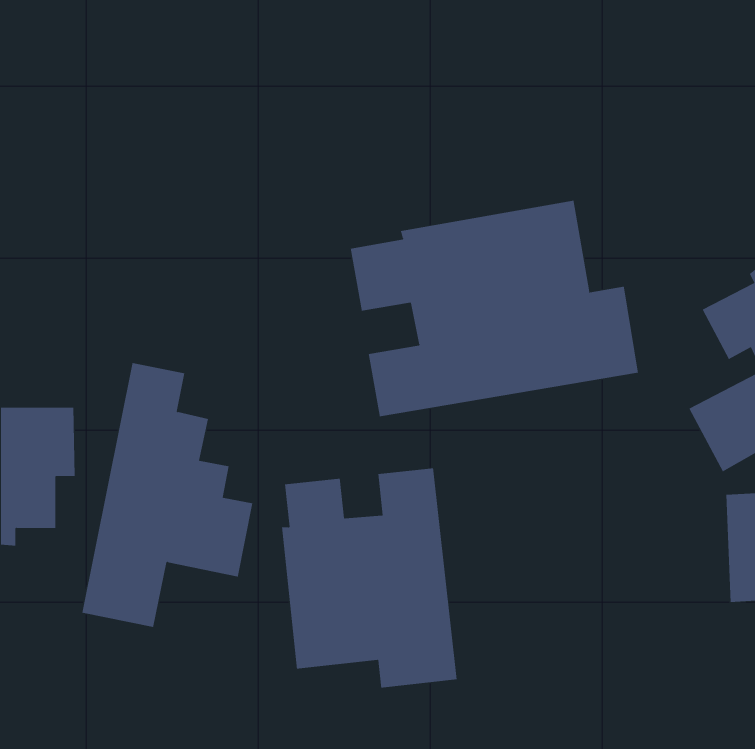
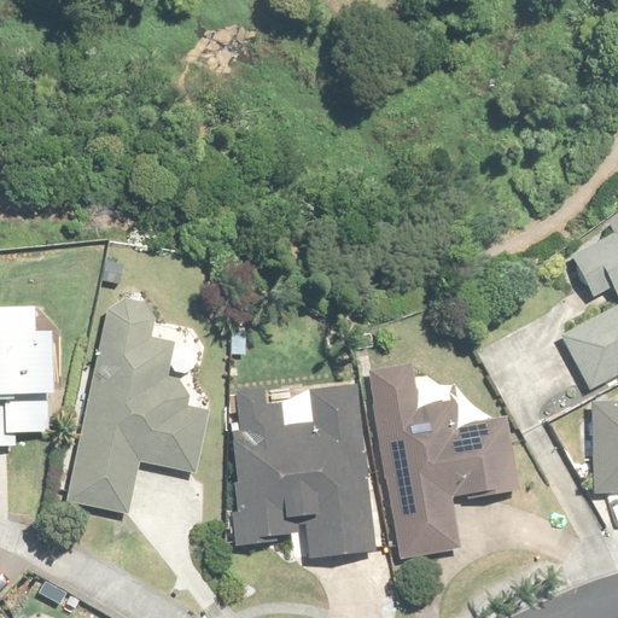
building: [350,200,639,417] -> none
building: none -> [368,352,511,558]

